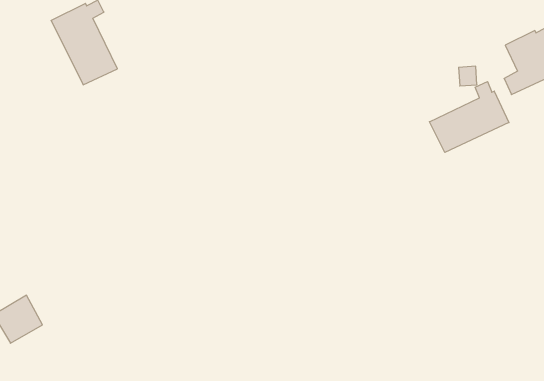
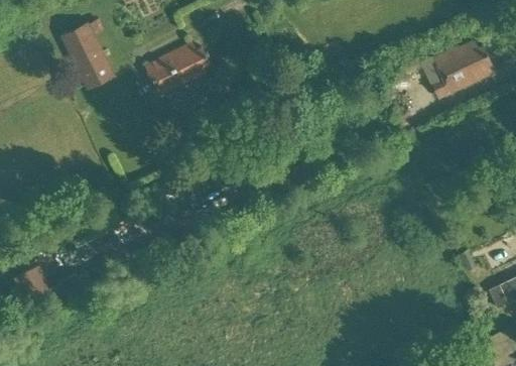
building: none -> [146,44,210,98]
building: [429,82,509,152] -> none

